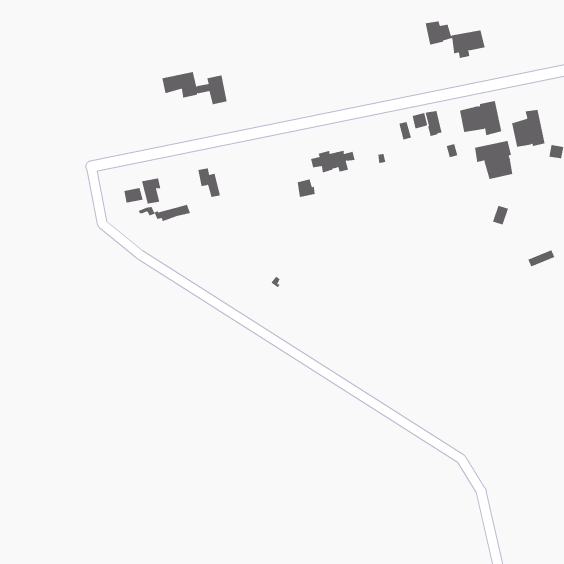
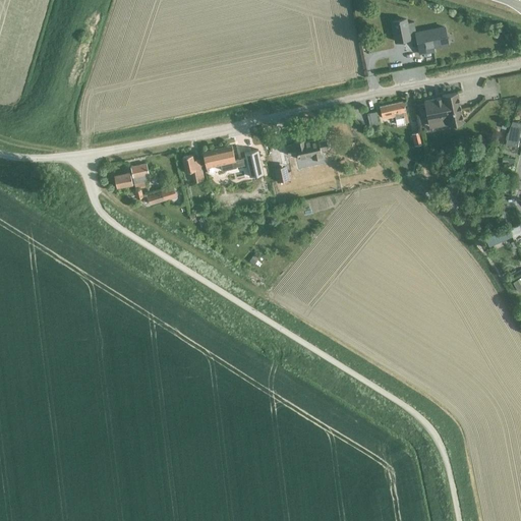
building: [161,72,228,105] -> [202,147,264,177]
building: [511,109,545,148] -> none
building: [474,140,513,180] -> none

